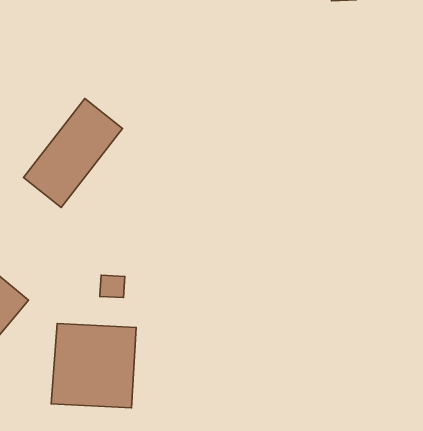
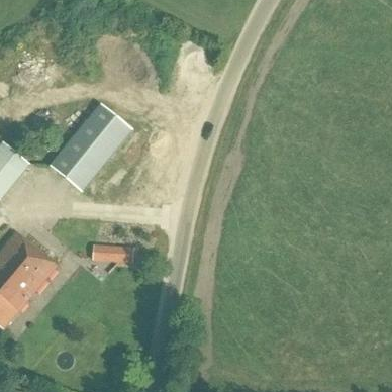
building: [51,323,136,408] -> none

